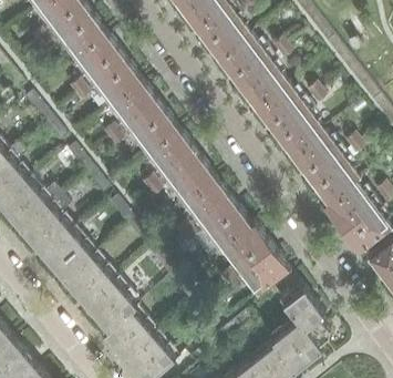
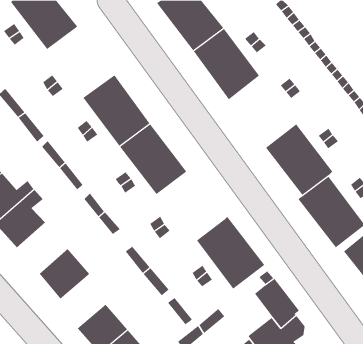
building: [73,33,141,104] -> none
building: [254,82,321,154] -> none
building: [182,177,249,248] -> none
building: [43,228,94,279] -> none
building: [86,279,137,334] -> none

